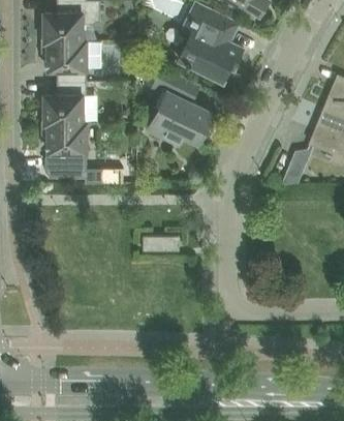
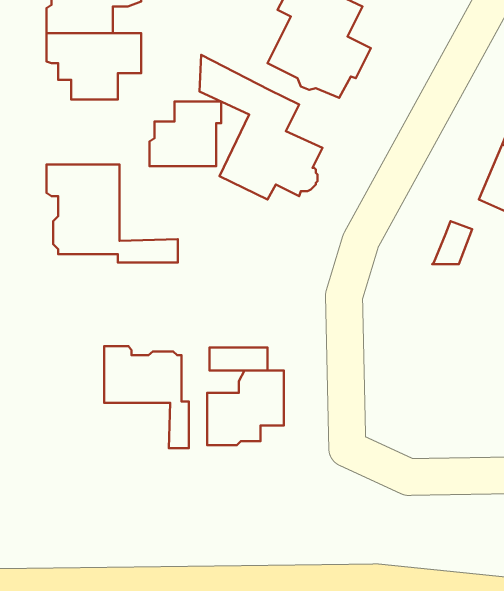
building: [41,81,86,121] -> [150,102,221,166]
building: none -> [104,346,189,448]
building: none -> [207,371,284,445]

